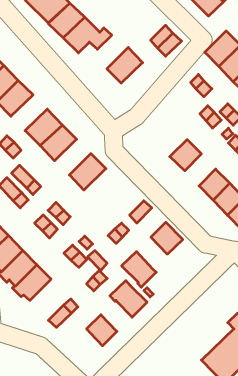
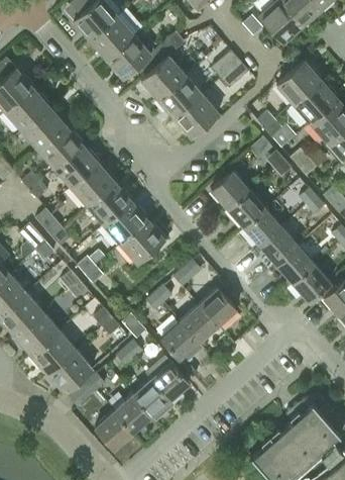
building: none -> [141,31,185,98]
building: none -> [174,93,219,136]
building: none -> [38,124,83,167]
building: none -> [211,170,249,208]
building: none -> [88,181,132,223]
building: none -> [244,207,281,246]
building: none -> [121,218,166,263]
building: none -> [181,304,218,343]
building: none -> [48,348,93,391]
building: none -> [133,378,175,419]
building: none -> [96,410,133,448]

